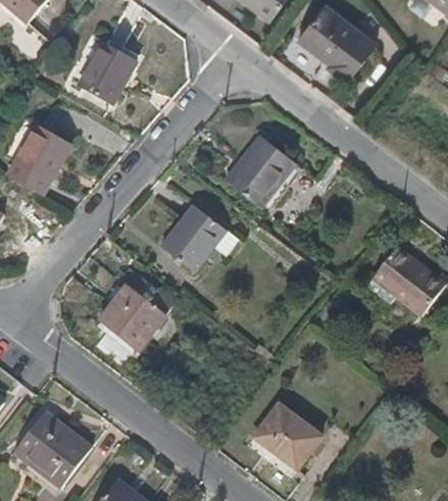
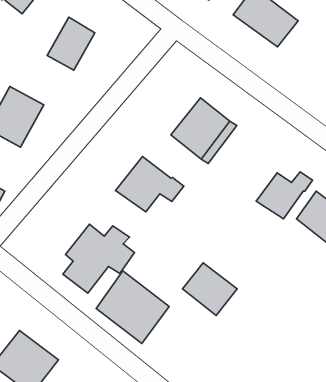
building: none -> [256,172,312,219]
building: none -> [96,271,169,343]
building: [254,404,318,466] -> [183,263,237,316]

